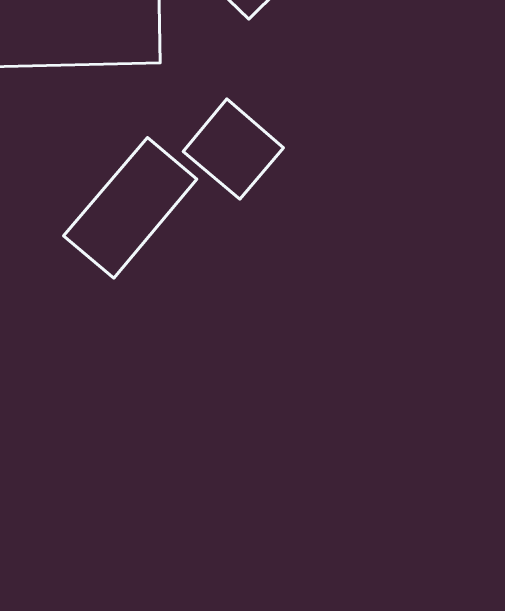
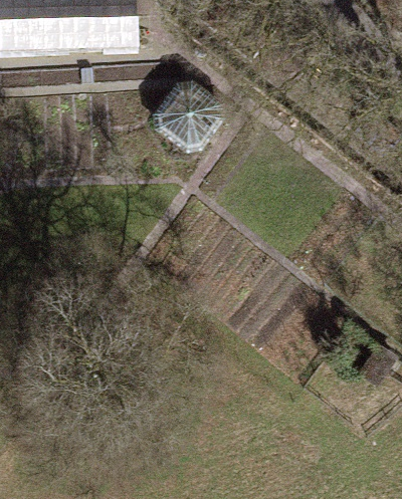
building: [64,137,197,278] -> none

